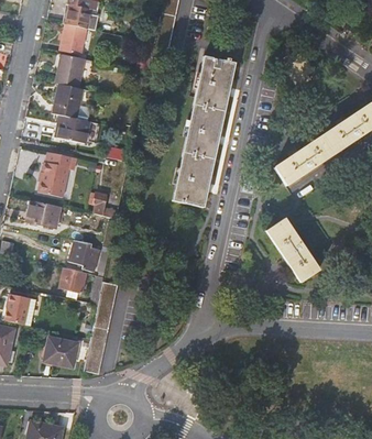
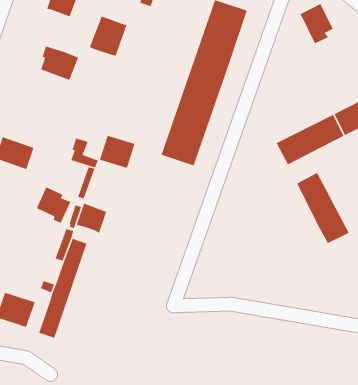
building: [52,83,84,118] -> [89,15,128,57]
building: [37,151,72,197] -> none
building: none -> [99,135,136,169]
building: [266,218,319,281] -> [296,172,350,244]
building: [59,266,86,293] -> [76,203,107,234]

